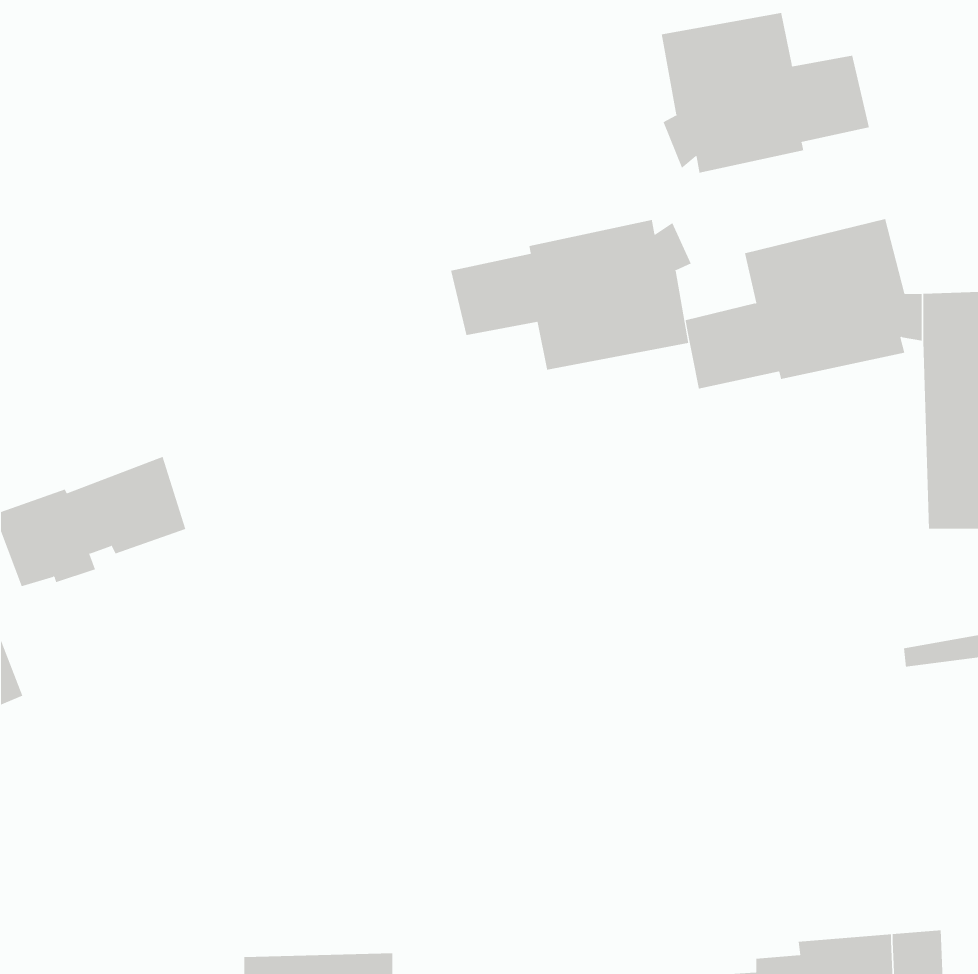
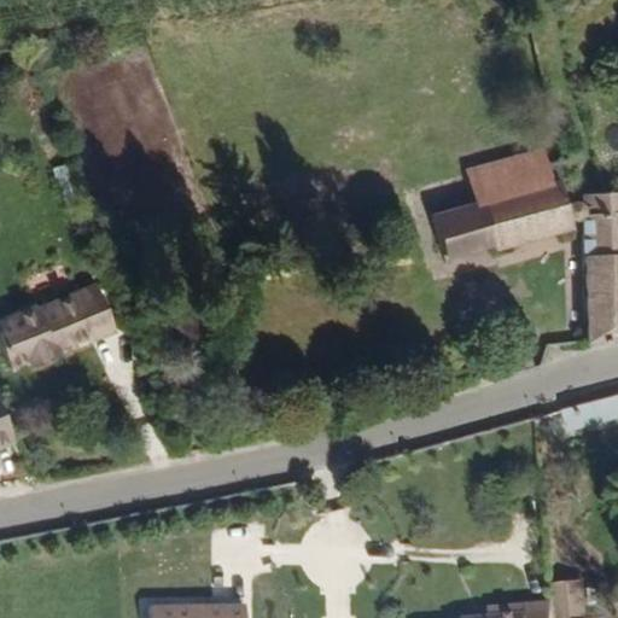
building: [661,12,870,173] -> none
building: [451,219,692,370] -> none

